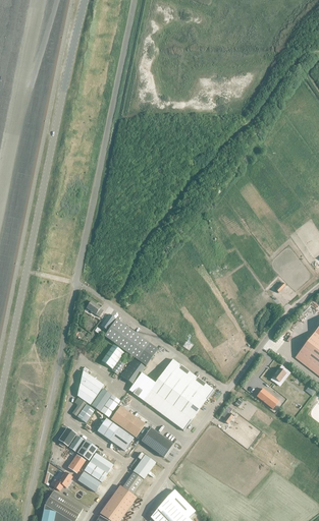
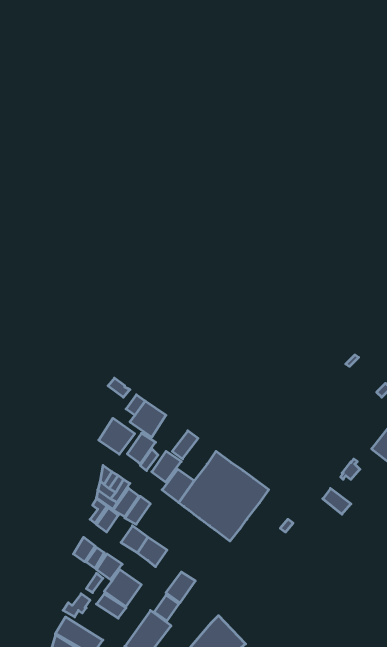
building: [121,331,150,359] -> [99,418,135,454]
building: [111,406,146,438] -> none
building: [141,427,173,458] -> none

